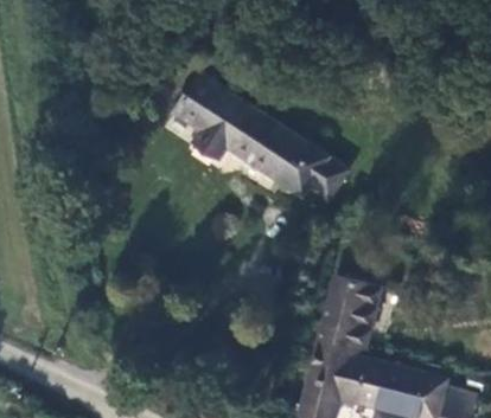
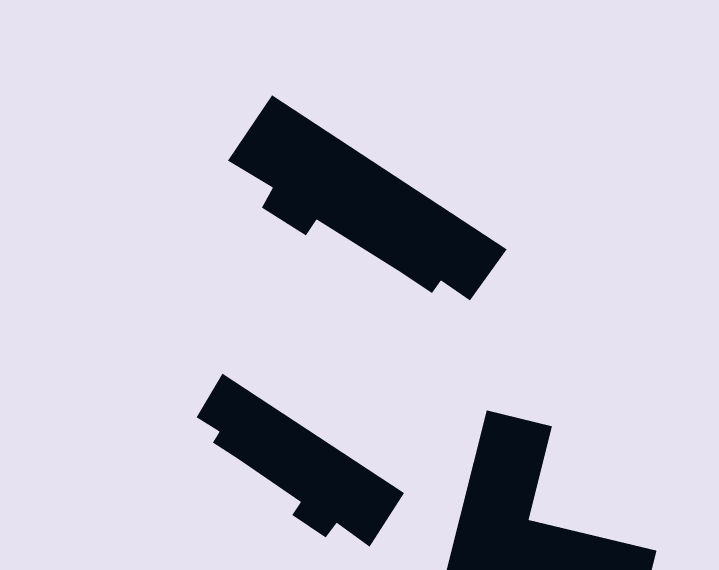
building: none -> [195,373,405,548]

